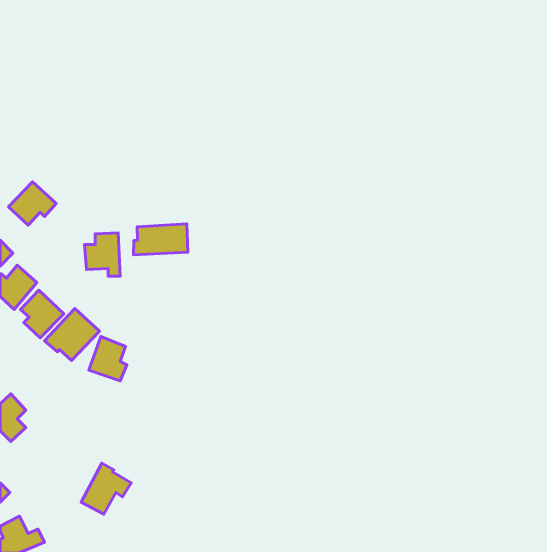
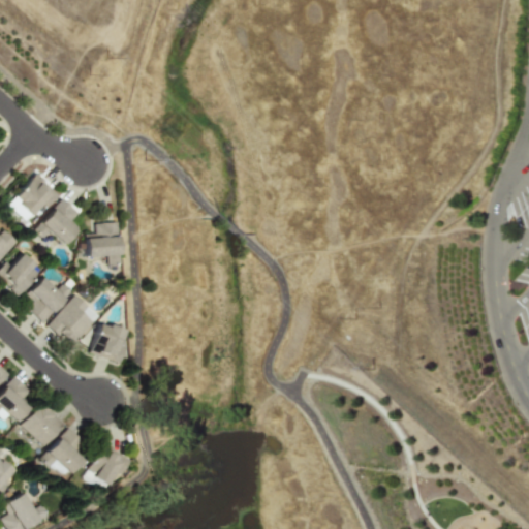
building: none -> [41,199,81,246]
building: [133,224,188,255] -> none
building: none -> [22,403,65,447]
building: none -> [48,430,88,474]

